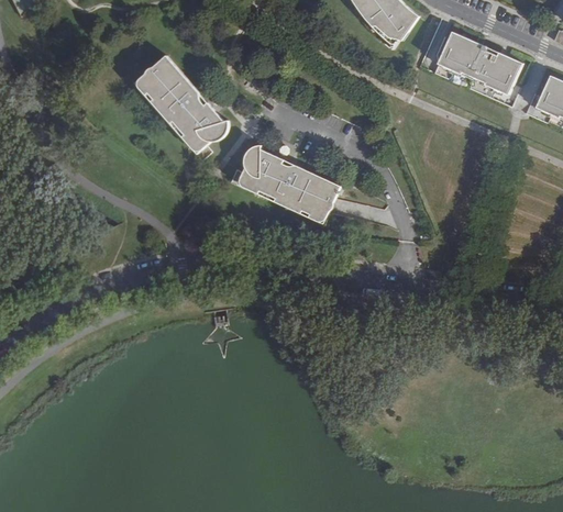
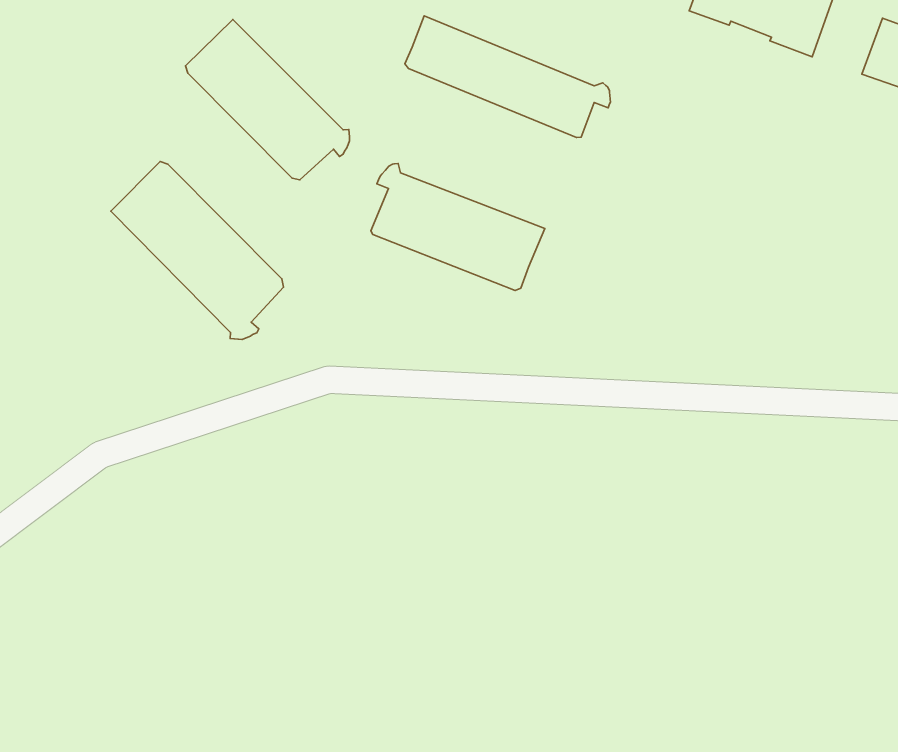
building: none -> [405,16,610,137]
building: none -> [111,161,283,339]

